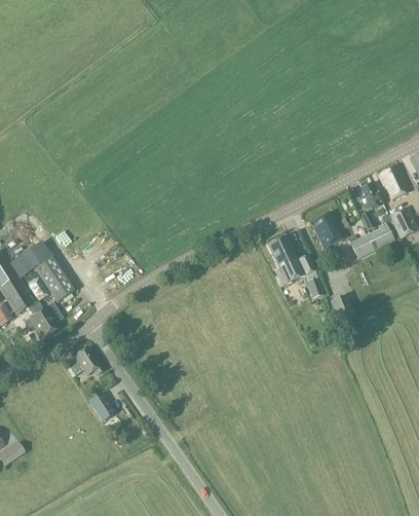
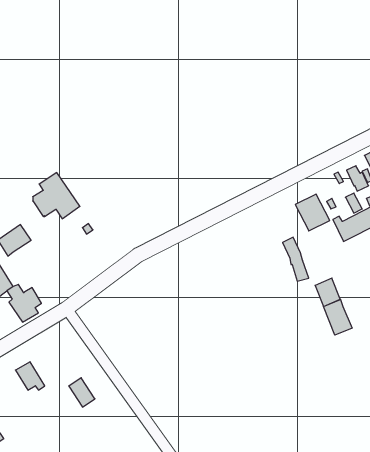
building: [266,235,303,286] -> none
building: [27,257,73,302] -> [33,173,80,219]
building: none -> [323,299,352,335]
building: [73,346,102,374] -> [15,362,45,390]

